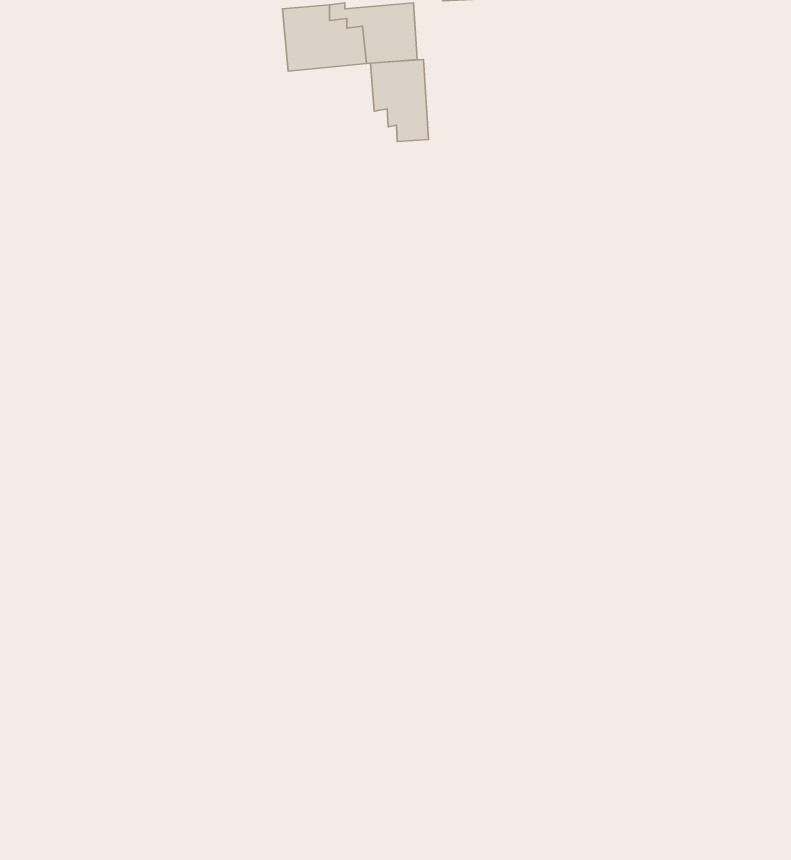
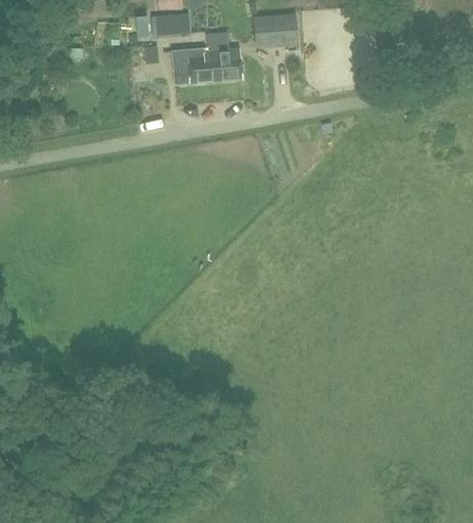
building: [370,60,429,141] -> none

